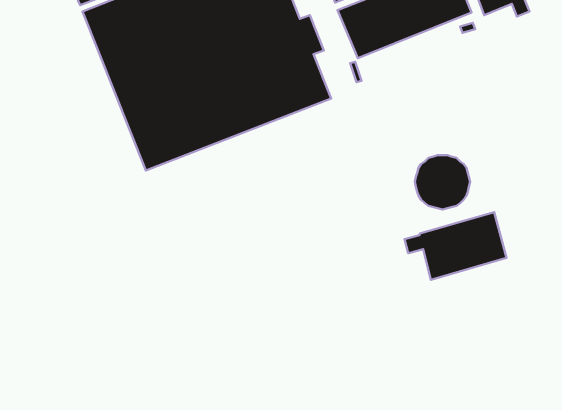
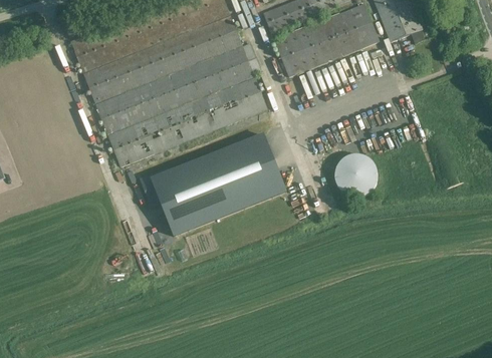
building: none -> [141,134,286,236]
building: [404,212,506,280] -> none

